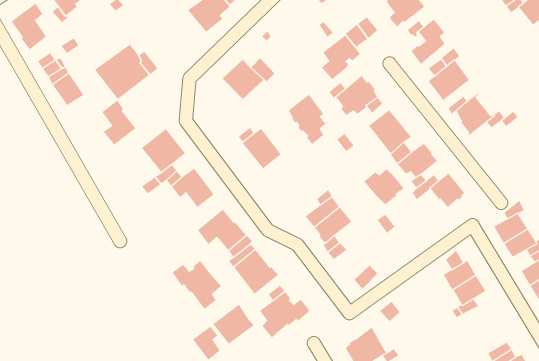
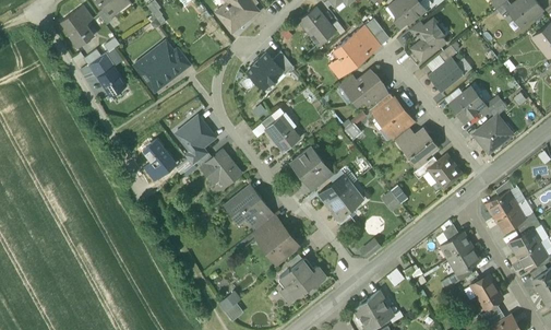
building: none -> [298,8,334,45]
building: [286,94,328,145] -> [290,146,327,191]
building: [102,100,136,146] -> [143,139,173,179]
building: none -> [474,117,512,152]
building: [363,169,405,205] -> none
building: [172,260,222,310] -> none
building: [213,304,255,345] -> none
building: none -> [470,275,500,306]

